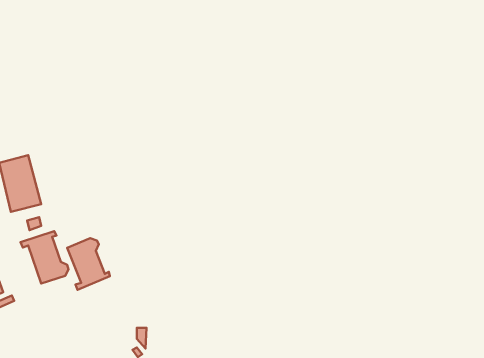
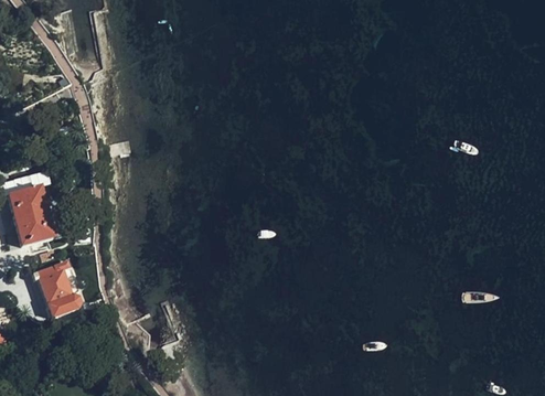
building: [67,238,110,290] -> none

